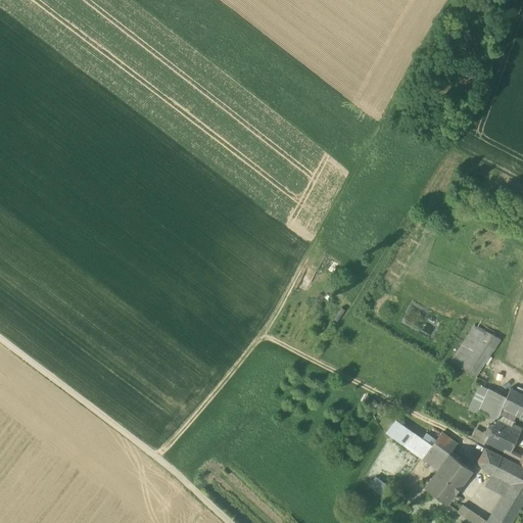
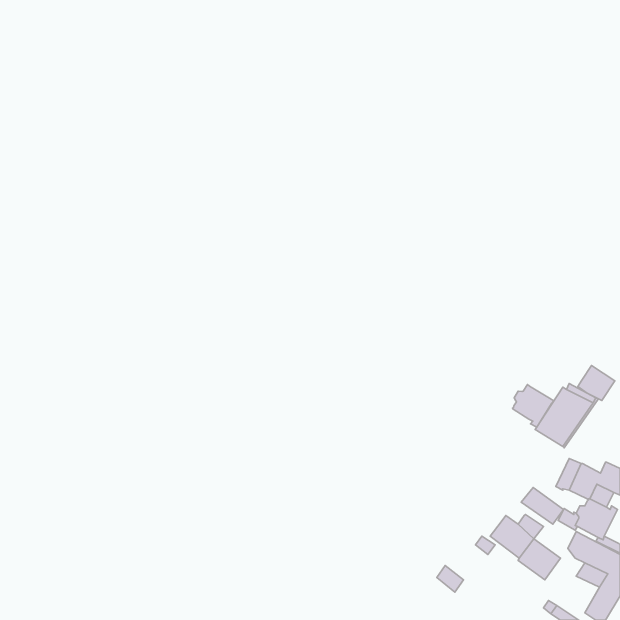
building: none -> [578,366,615,400]
building: none -> [513,385,554,427]
building: [386,421,422,451] -> [521,488,564,524]
building: [424,472,459,504] -> none

